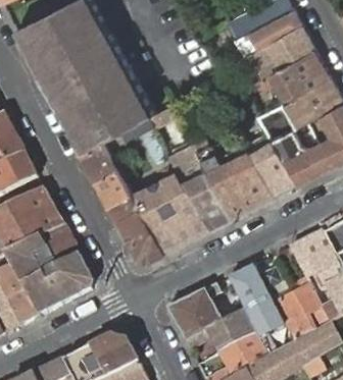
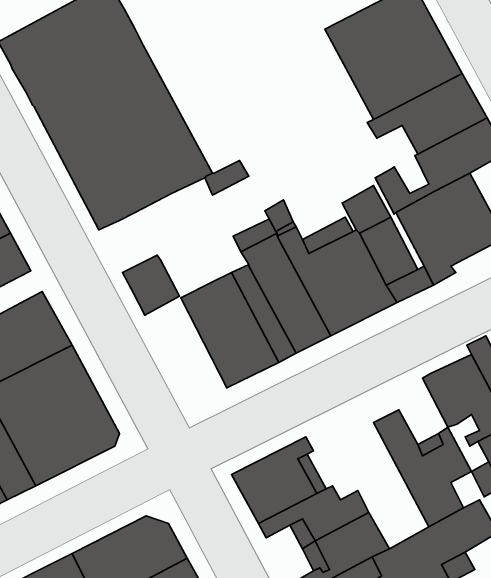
building: [80,140,117,178] -> none
building: [109,194,162,262] -> none
building: [227,265,293,357] -> none

